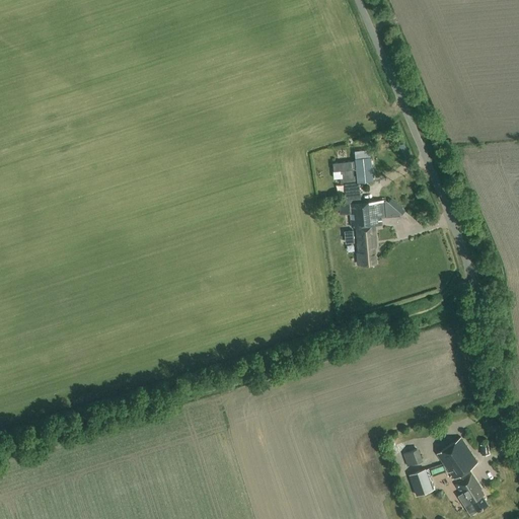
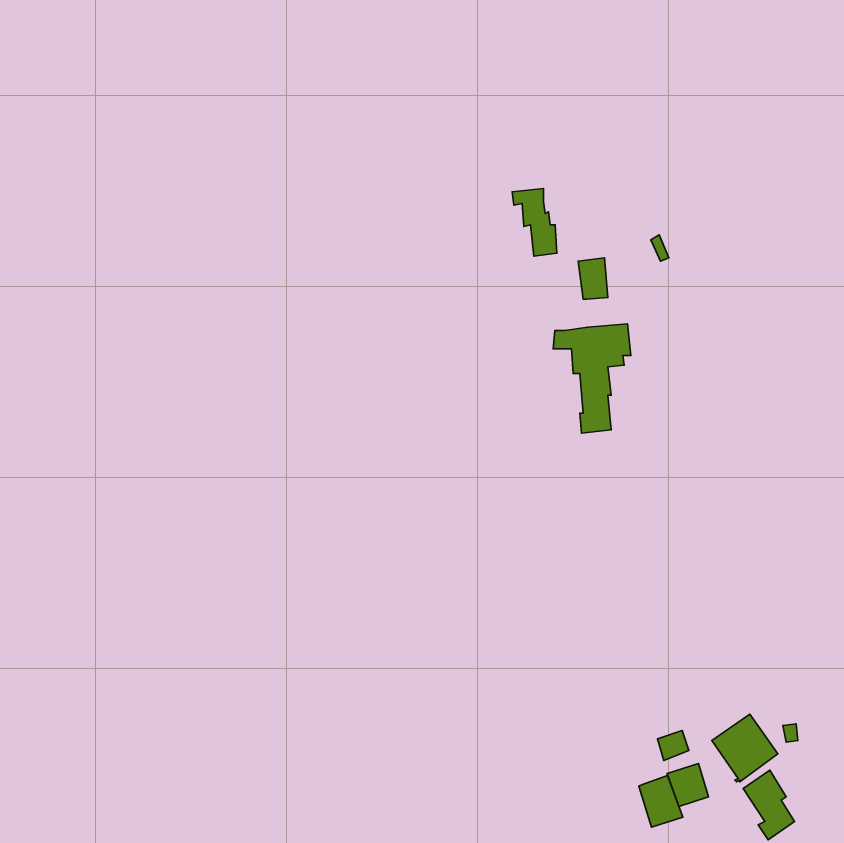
building: [333,162,361,204] -> [512,189,557,256]
building: none -> [639,776,683,827]

